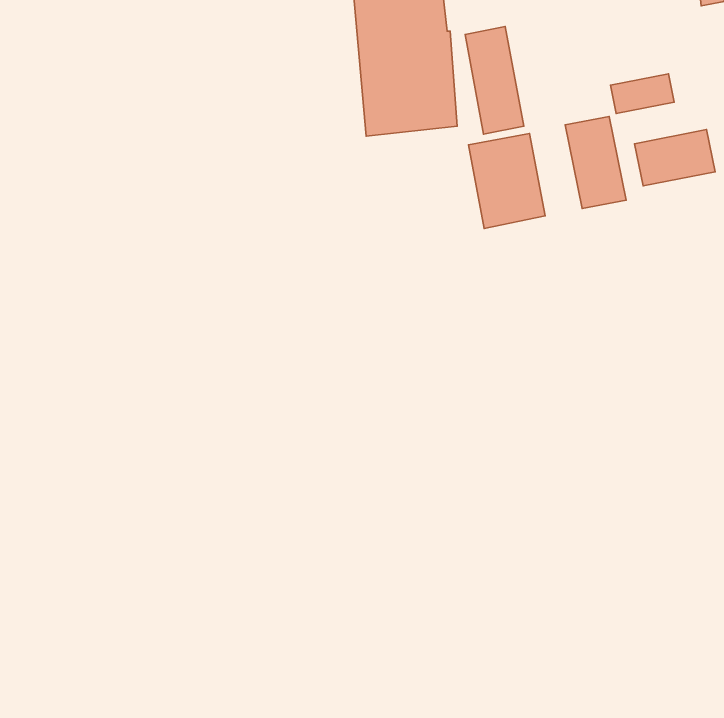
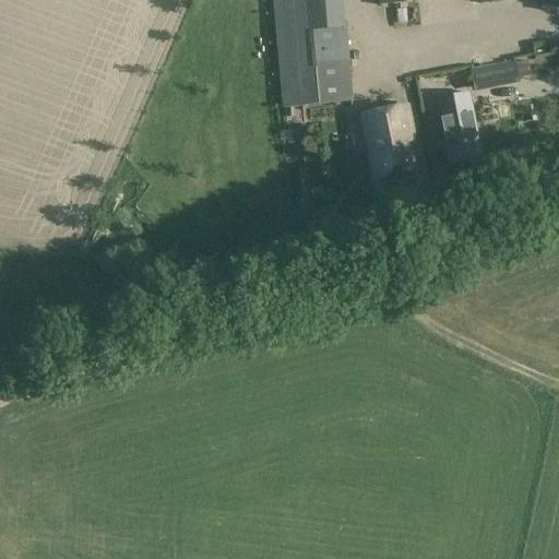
building: [465,27,524,134] -> none
building: [635,130,715,186] -> none

